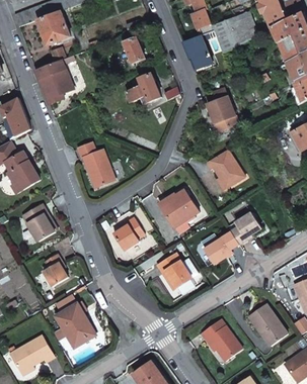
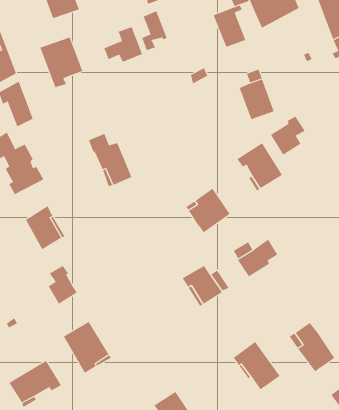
building: [126,74,159,104] -> [103,27,143,62]
building: none -> [270,116,306,156]
building: [230,212,259,245] -> none
building: [112,216,143,250] -> none

